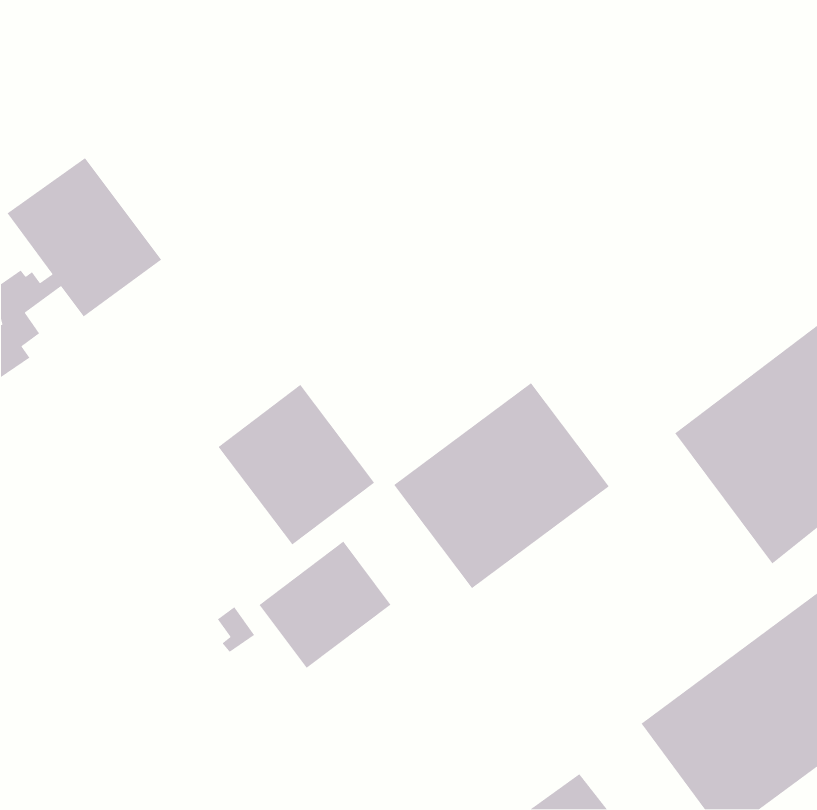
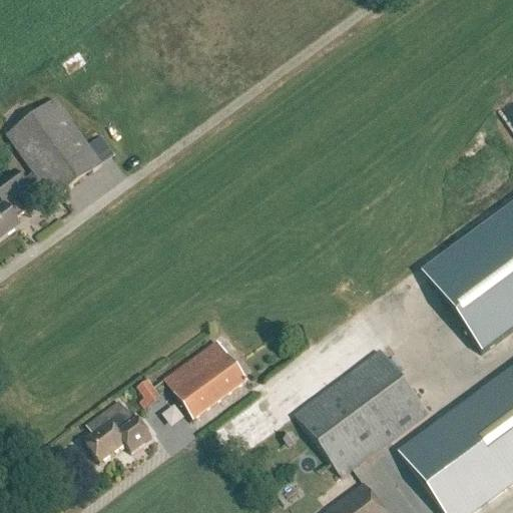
building: [393,382,610,589] -> [294,346,429,475]
building: [218,384,375,546] -> none
building: none -> [82,399,150,460]

